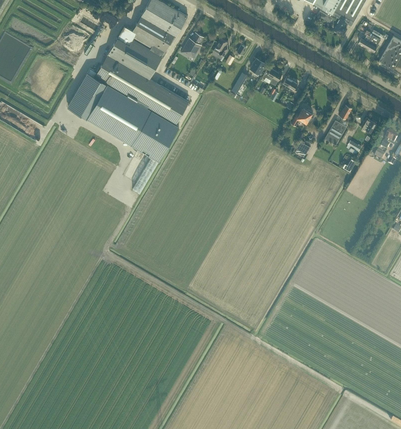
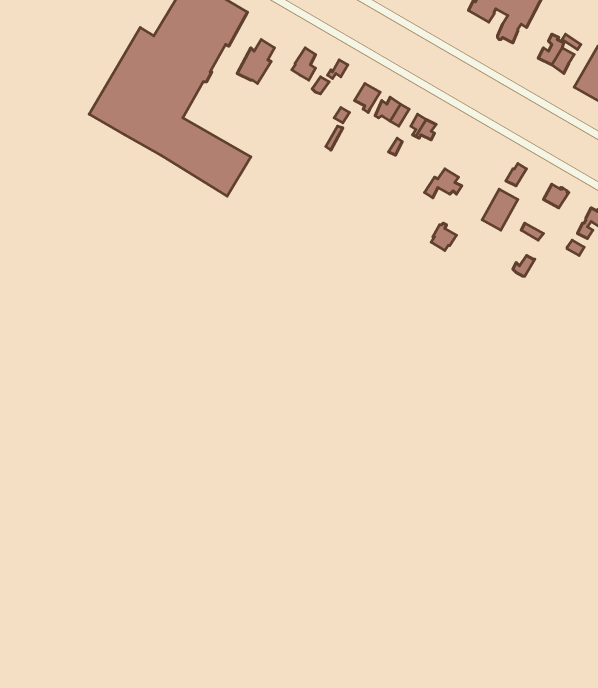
building: [67,68,178,161] -> none

